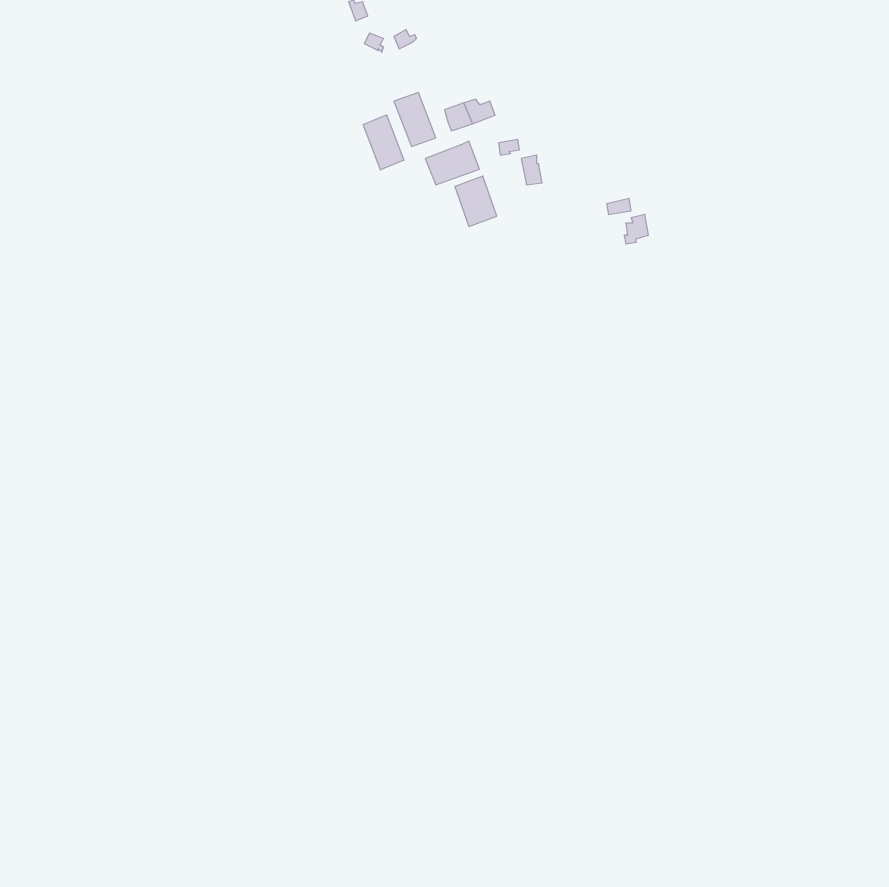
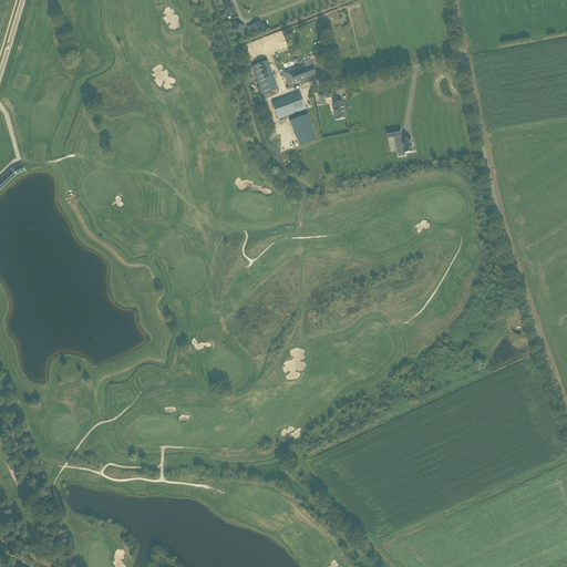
building: [363,115,404,170] -> none

